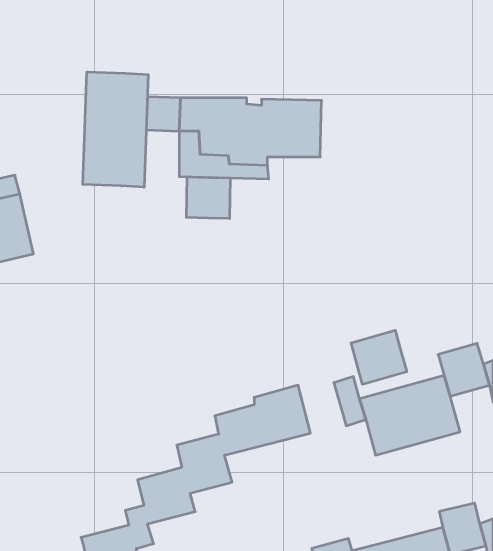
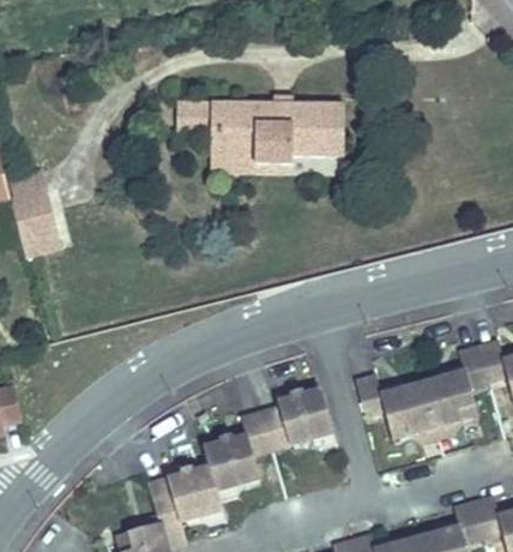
building: [83,72,148,187] -> none
building: [186,177,230,219] -> none
building: [351,330,407,384] -> none

